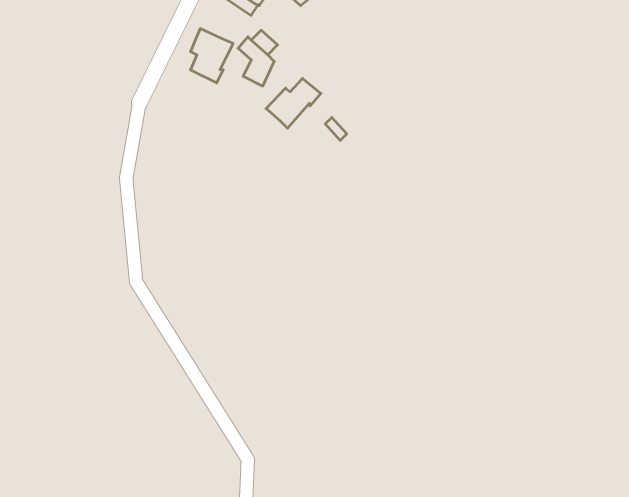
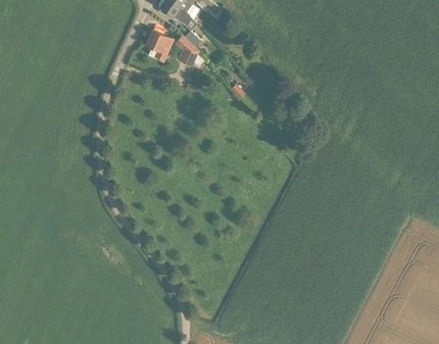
building: [266,78,321,128] -> none

